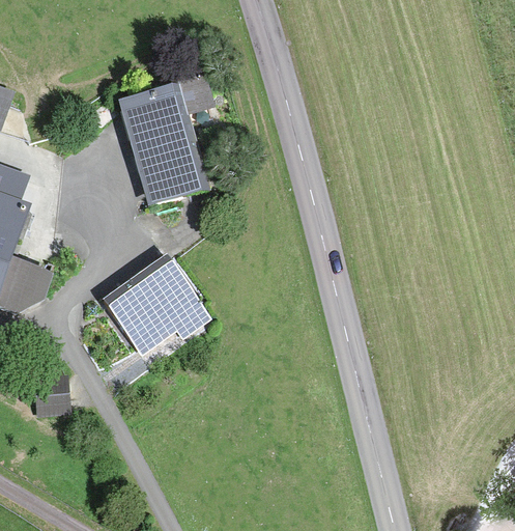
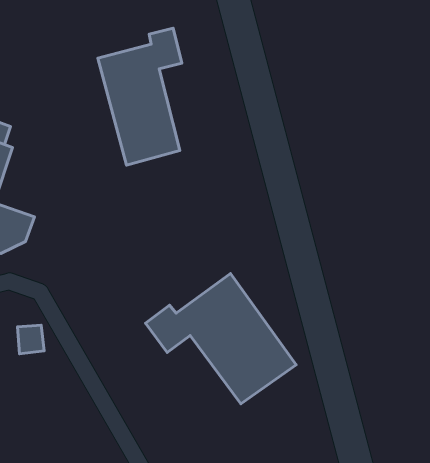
building: [103,260,207,357] -> none
building: none -> [146,273,296,404]

